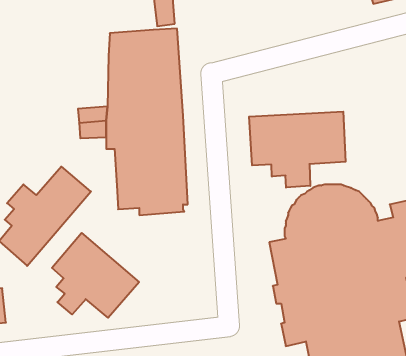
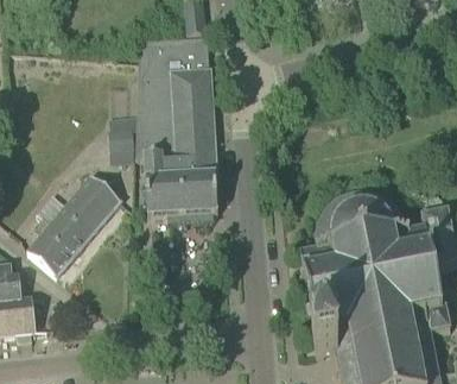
building: [249,112,346,188] -> none
building: [52,233,139,318] -> none

